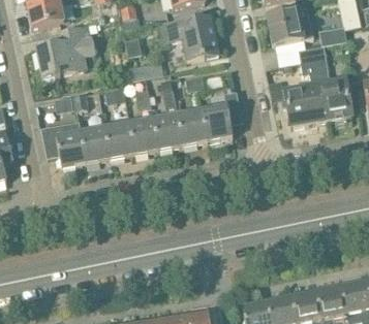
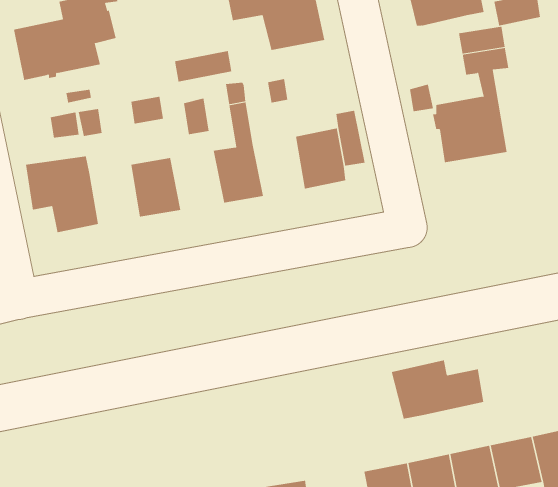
building: [318,69,351,119] -> none
building: [177,109,207,144] -> none
building: [128,118,159,153] -> none
building: [81,126,110,161] -> none
building: none -> [391,359,484,419]

